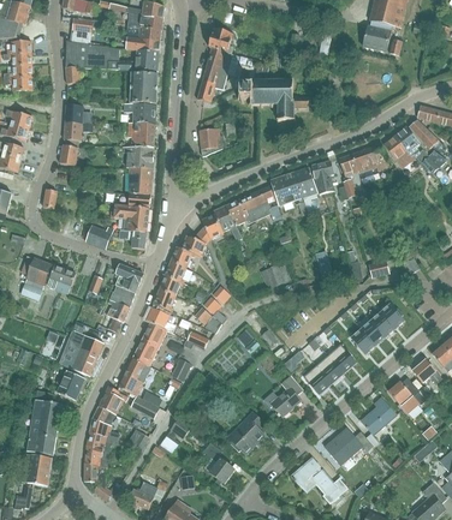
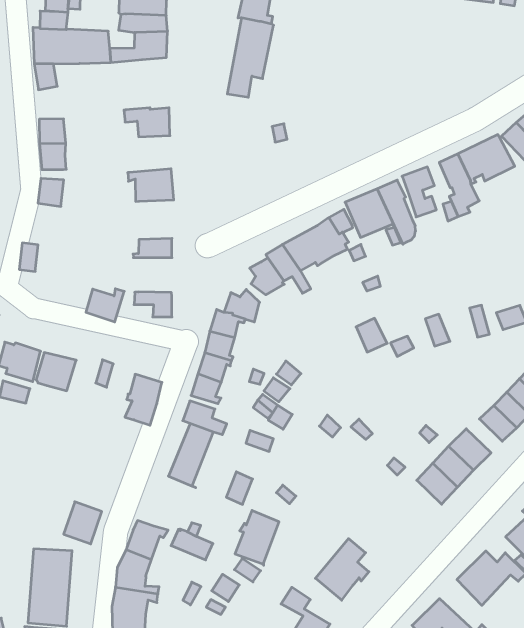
building: [125,72,156,103] -> none
building: [237,78,308,120] -> none
building: [124,122,154,147] -> none
building: [198,127,225,156] -> none
building: [124,167,153,195] -> none
building: [109,205,148,232] -> none
building: [105,263,143,293] -> none
building: [60,330,103,376] -> none
building: [118,358,150,396] -> [235,510,279,565]
building: [262,376,302,418] -> none

